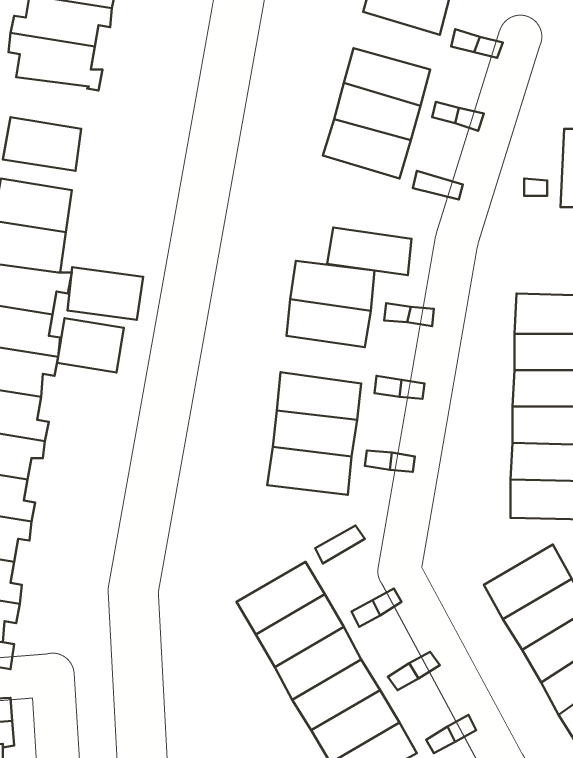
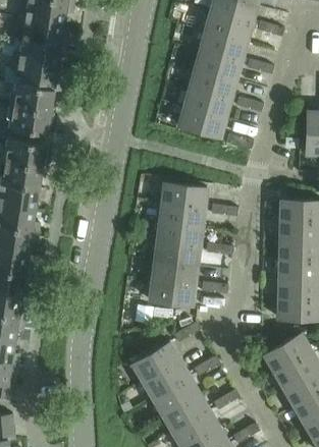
building: none -> [195,50,241,80]
building: none -> [12,85,54,112]
building: [327,227,412,275] -> [156,222,201,247]
building: [68,267,143,320] -> none
building: [57,318,124,373] -> none

